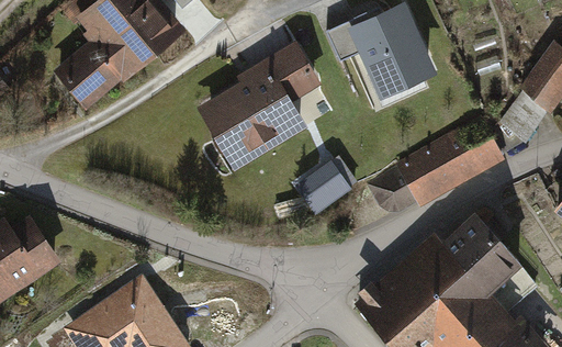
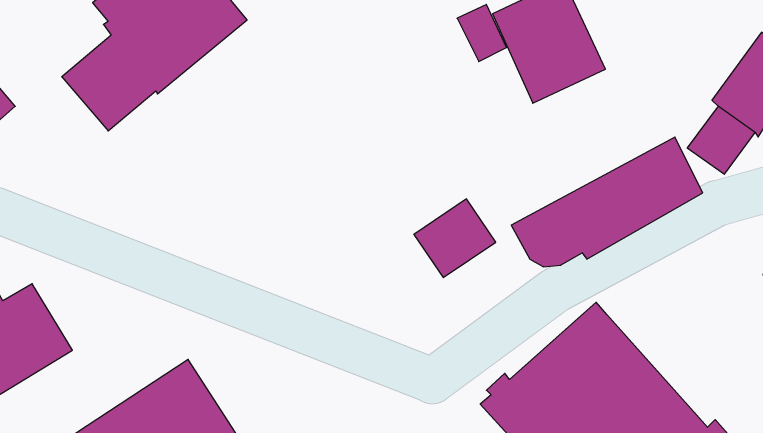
building: [193,42,318,172] -> none
building: [440,214,535,313] -> none

